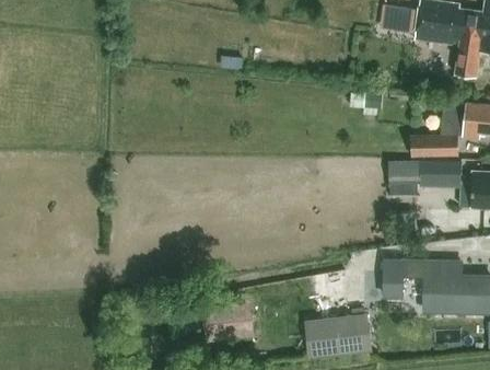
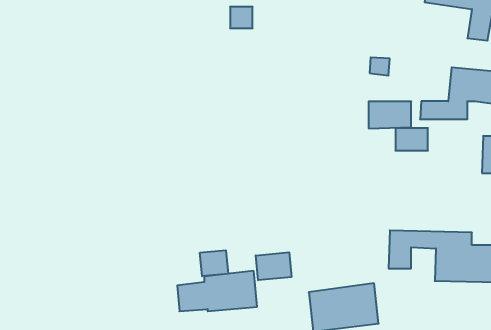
building: [420,161,462,187] -> [369,101,411,128]
building: none -> [200,250,228,276]
building: none -> [256,252,291,280]

